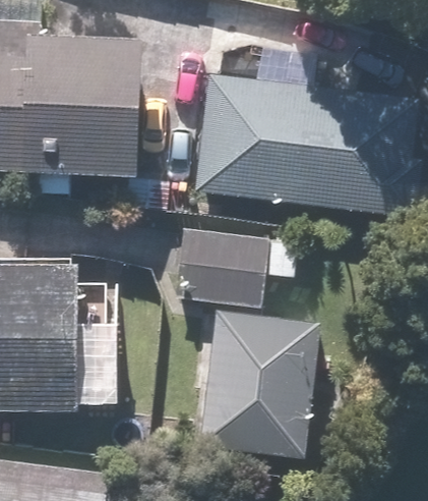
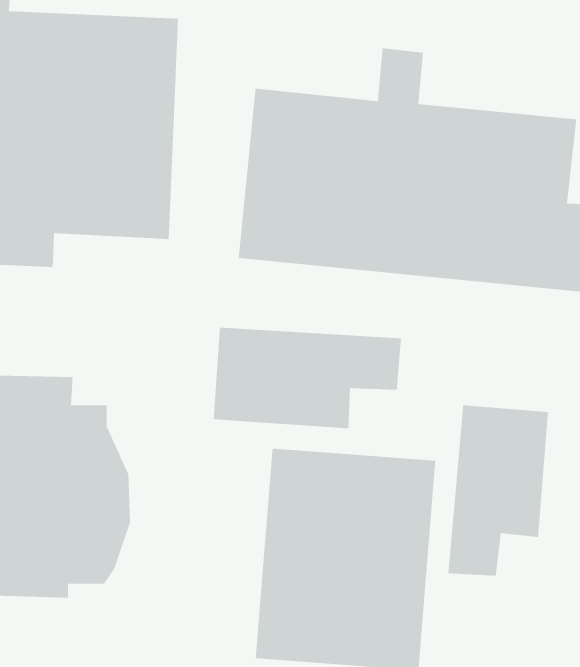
building: none -> [447,405,549,577]

